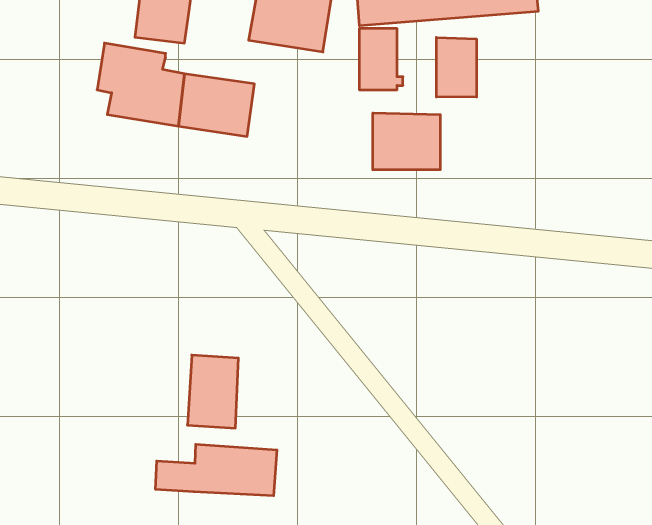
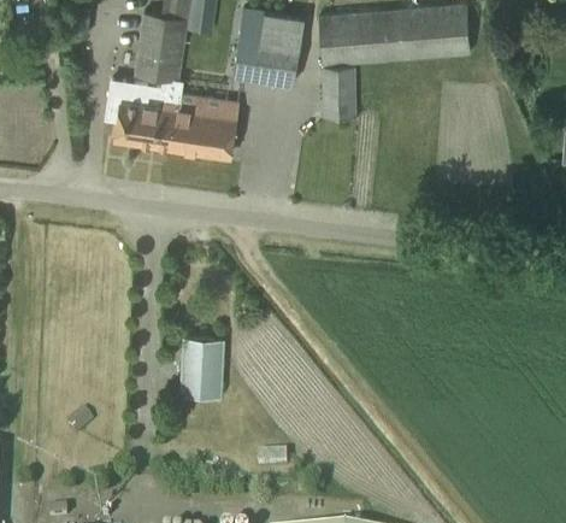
building: [436,37,477,97] -> none
building: [373,113,440,170] -> none
building: [156,444,277,496] -> none

